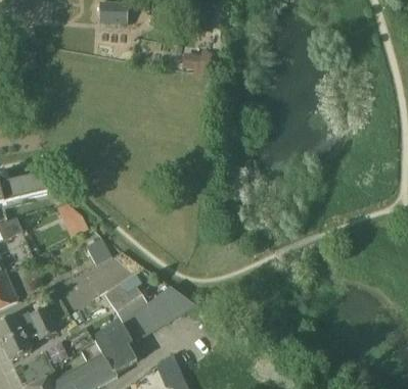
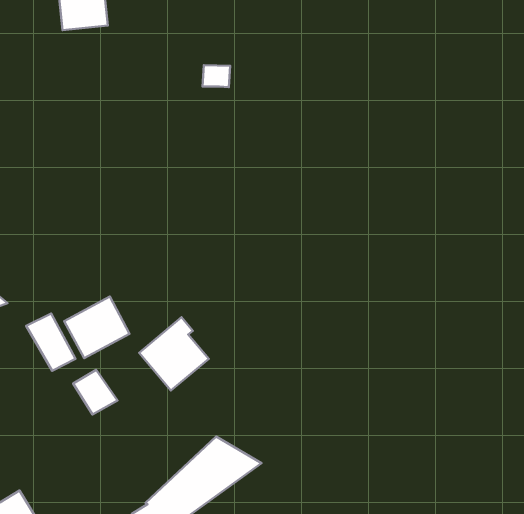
building: none -> [64,297,130,358]
building: [104,275,147,320] -> [139,317,209,391]

